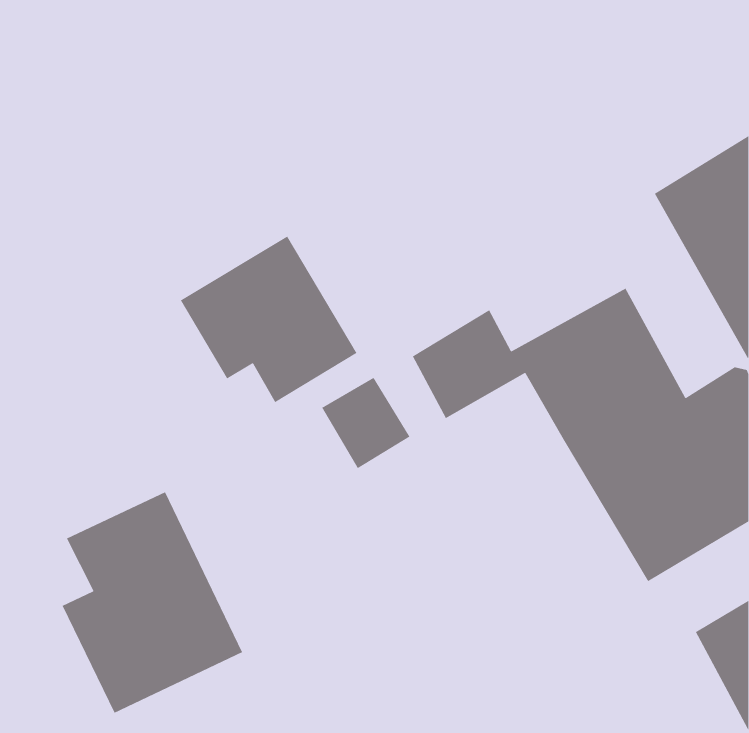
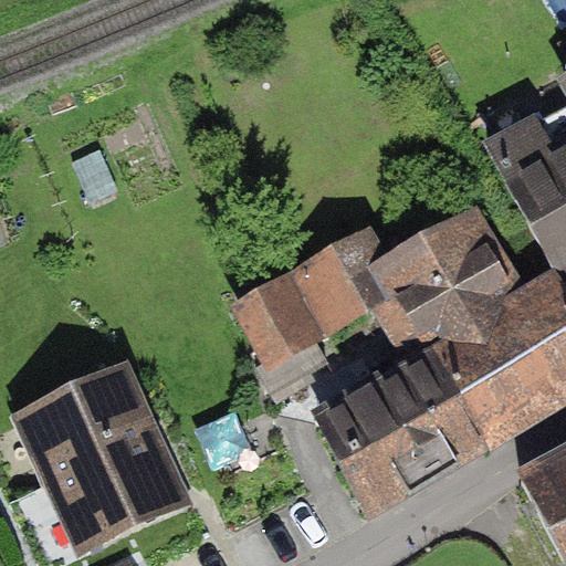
building: [180,236,358,403] -> none
building: none -> [326,332,489,506]

